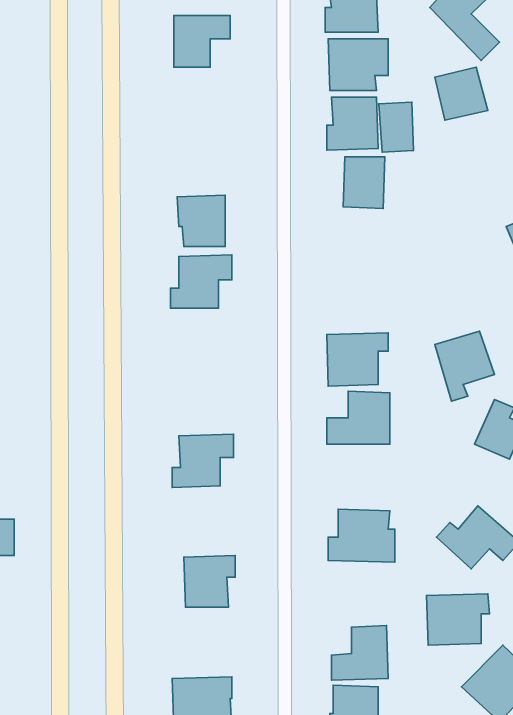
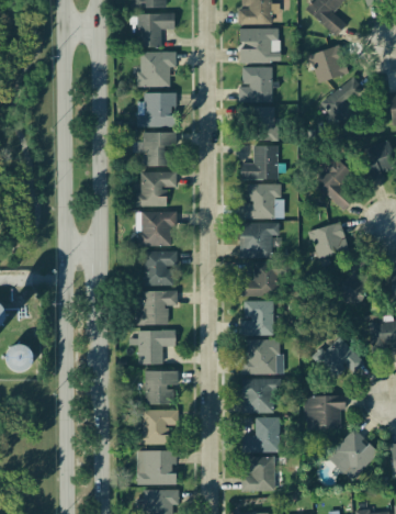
building: none -> [137,52,177,87]
building: [379,102,414,152] -> [328,93,351,126]
building: none -> [138,92,177,127]
building: none -> [241,146,279,179]
building: none -> [312,156,355,206]
building: none -> [240,185,283,219]
building: none -> [137,211,178,246]
building: none -> [145,250,178,286]
building: none -> [241,300,275,336]
building: none -> [129,329,177,365]
building: none -> [242,378,281,413]
building: none -> [142,410,179,445]

